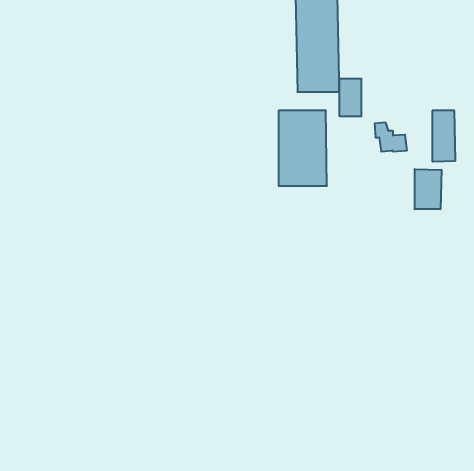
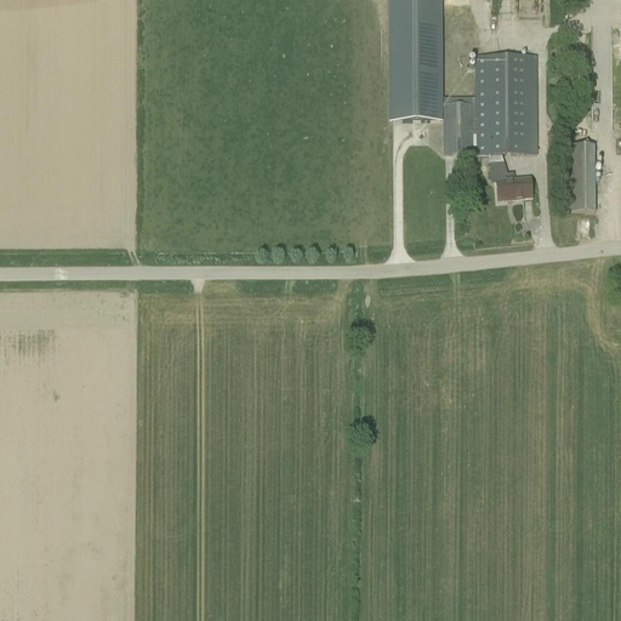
building: [279,111,327,186] -> [475,53,539,152]
building: [415,169,441,209] -> none

